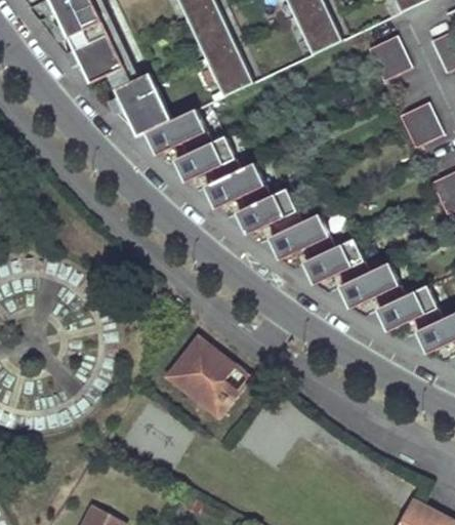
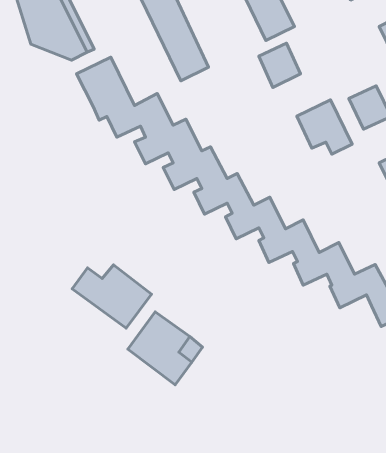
building: [367,34,410,80] -> [259,43,300,88]
building: none -> [297,100,352,154]
building: none -> [72,265,152,328]

